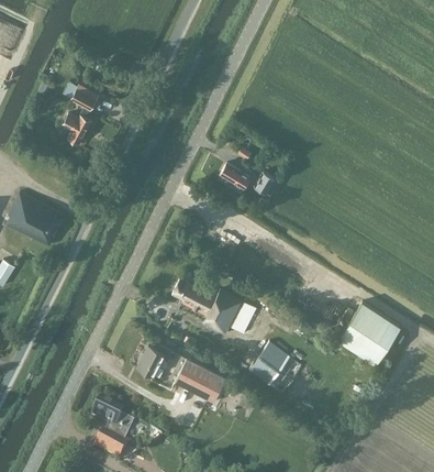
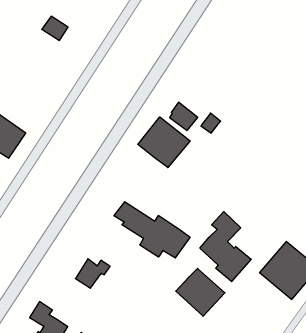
building: [59,114,89,145] -> none
building: none -> [138,117,190,168]
building: none -> [200,212,251,282]
building: [174,358,225,402] -> none

